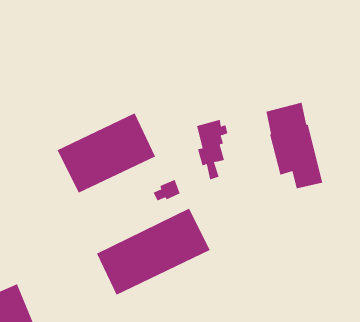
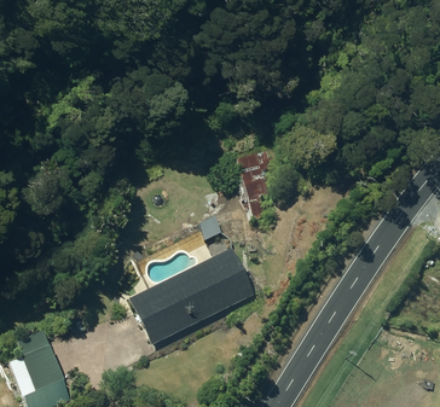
building: [266,102,323,189] -> none
building: [57,112,156,194] -> none

